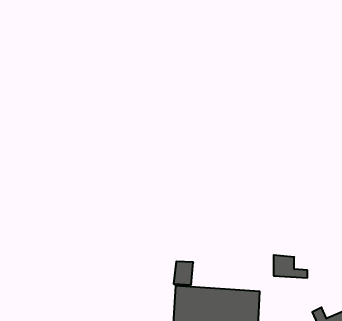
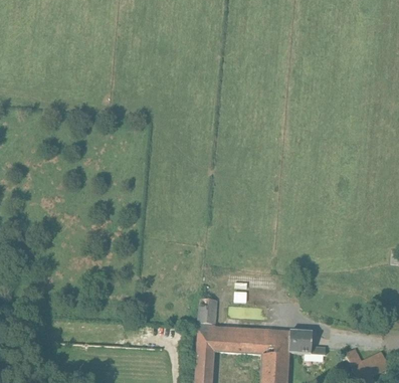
building: [274,255,307,278] -> [289,330,326,354]

